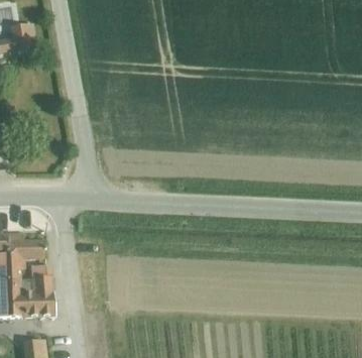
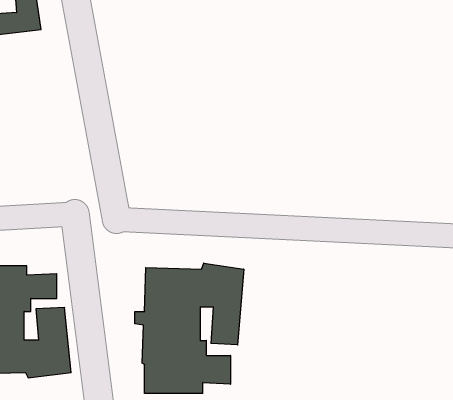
building: none -> [135,263,244,393]

